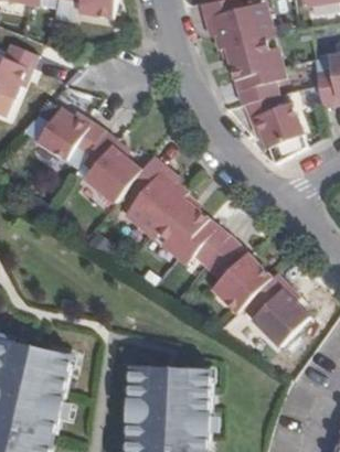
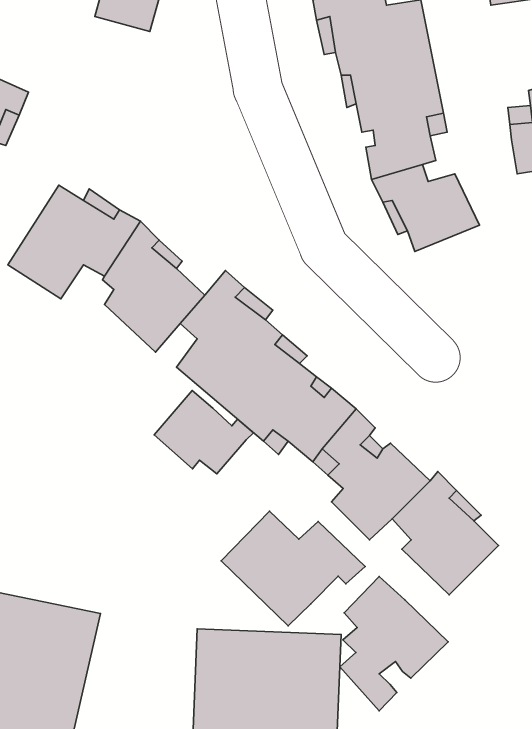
building: none -> [154,391,253,474]
building: none -> [221,511,365,626]
building: none -> [340,576,448,711]

